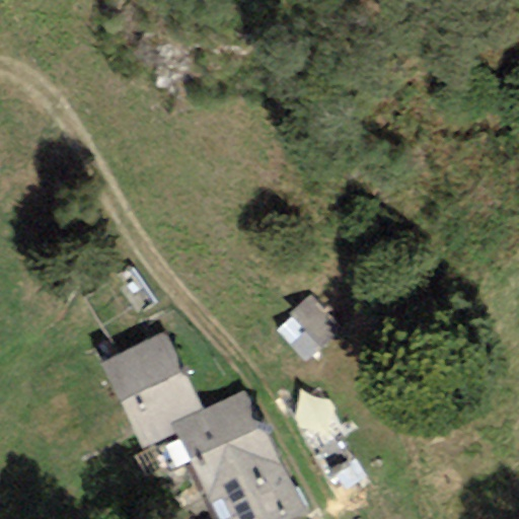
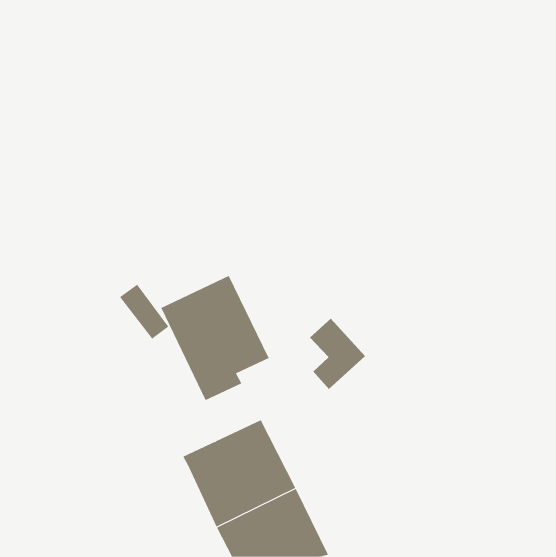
building: [100,332,202,449] -> [160,275,270,401]

